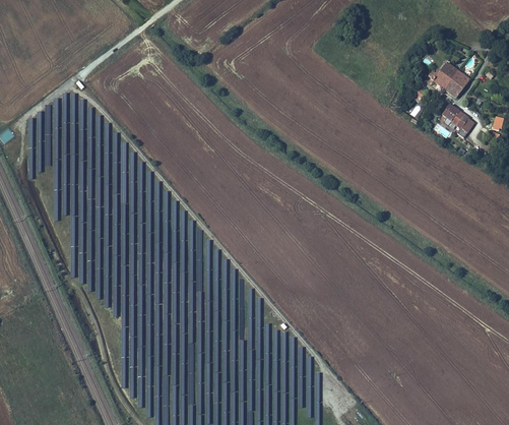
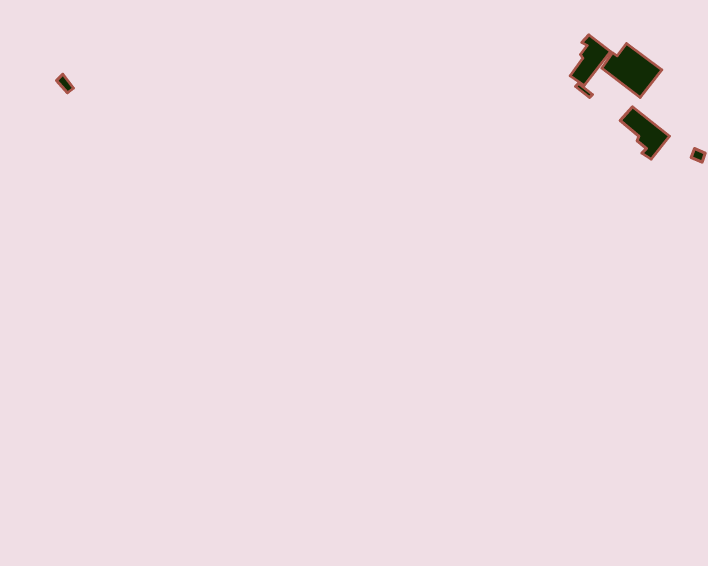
building: none -> [570,35,610,86]

